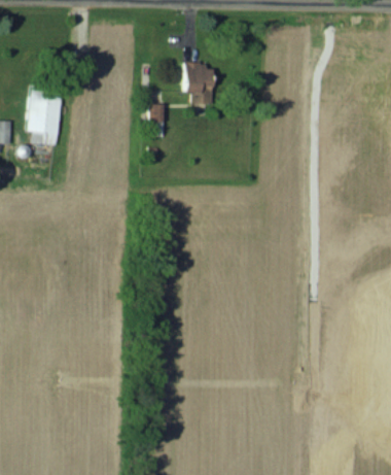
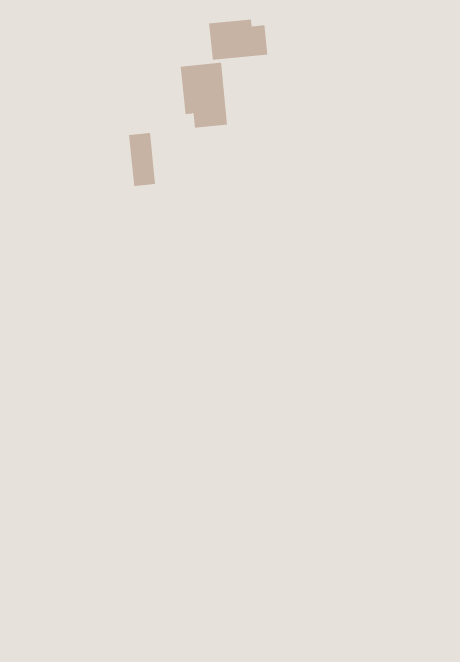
building: none -> [209,19,268,61]

